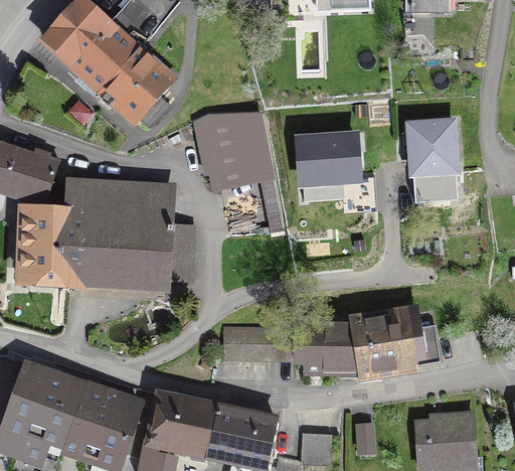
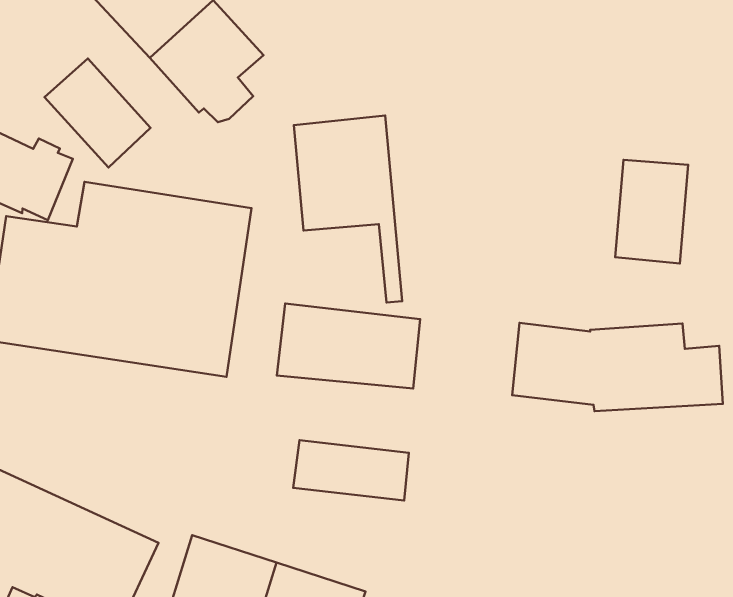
building: none -> [45,59,151,167]
building: [290,130,365,195] -> none
building: none -> [277,304,420,389]
building: [303,312,440,374] -> [512,323,723,411]

